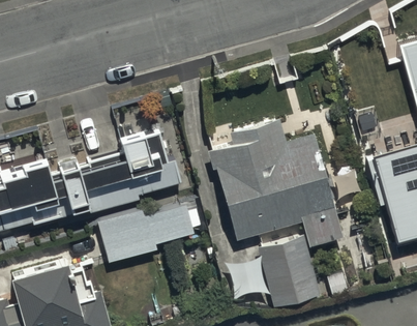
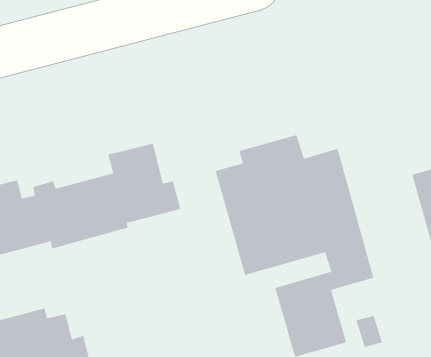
building: [97,202,192,259] -> none

